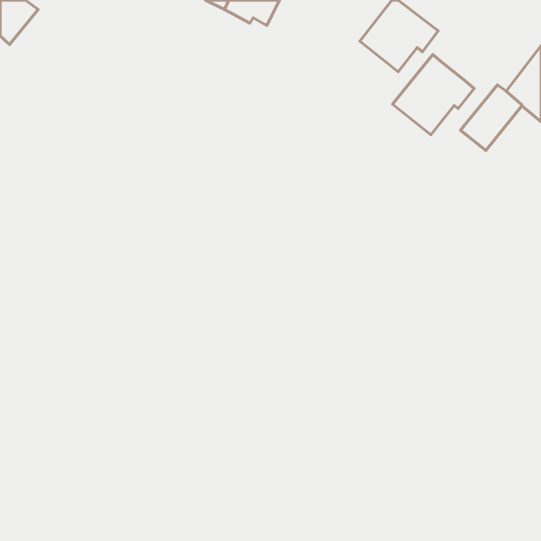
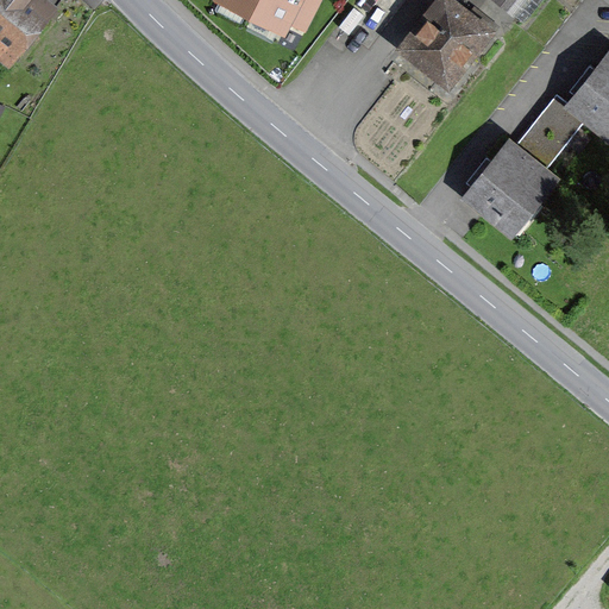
building: [393,55,474,135] -> [464,139,555,230]

